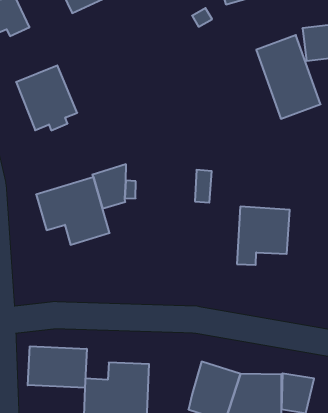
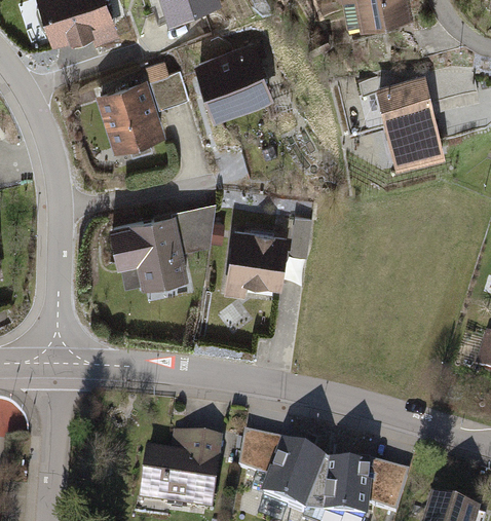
building: none -> [197,45,276,121]
building: none -> [145,62,188,110]
building: [237,207,290,265] -> [222,229,289,298]
building: [28,346,87,388] -> none
building: none -> [236,430,279,476]

